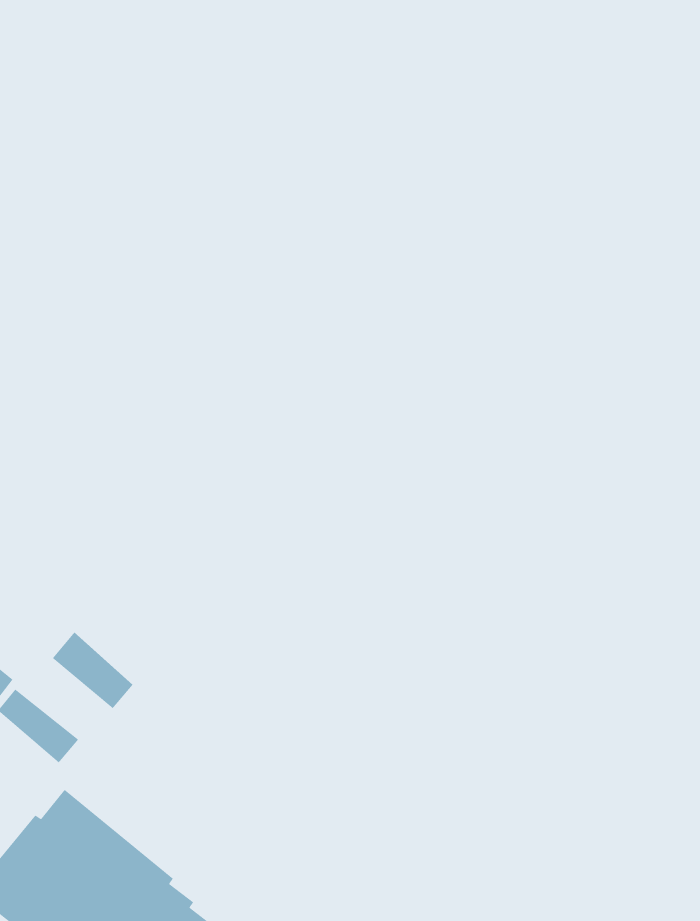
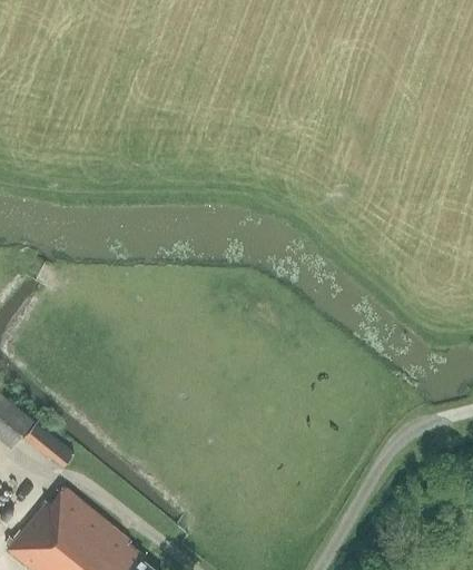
building: [52,632,134,709] -> none

